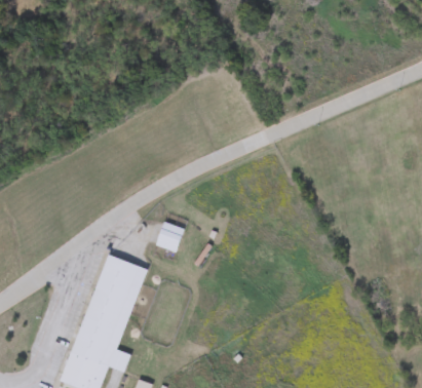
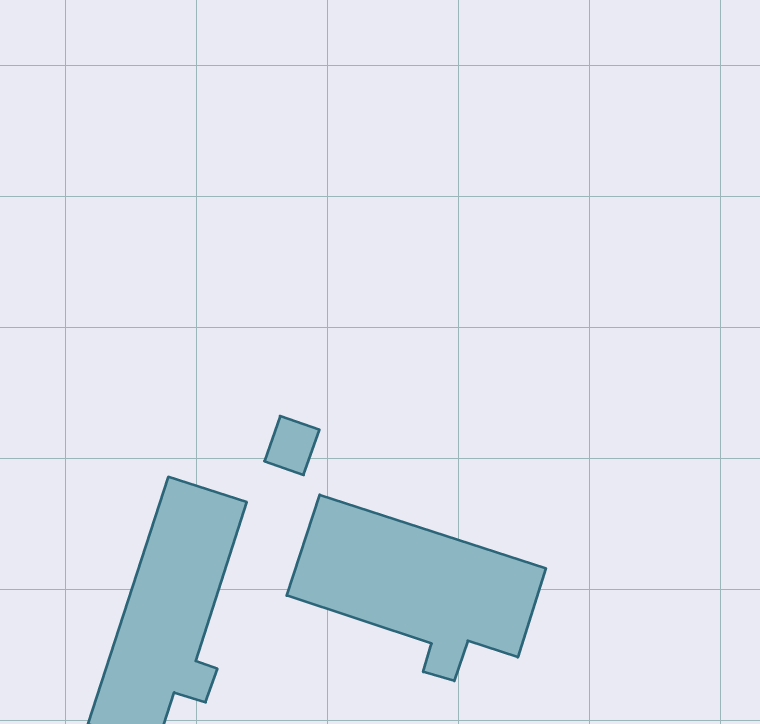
building: none -> [287,495,546,681]

